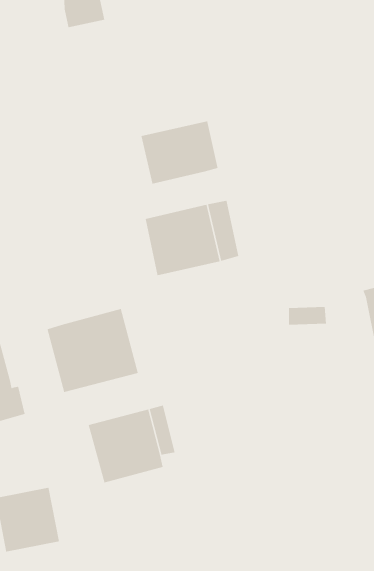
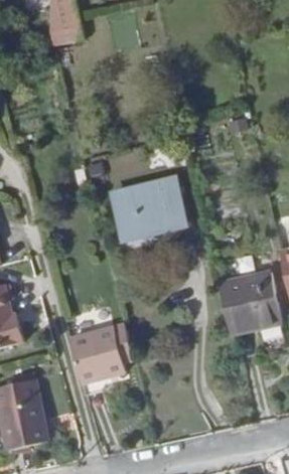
building: [141,120,218,184] -> none
building: [47,308,139,393] -> none
building: none -> [218,274,279,334]

